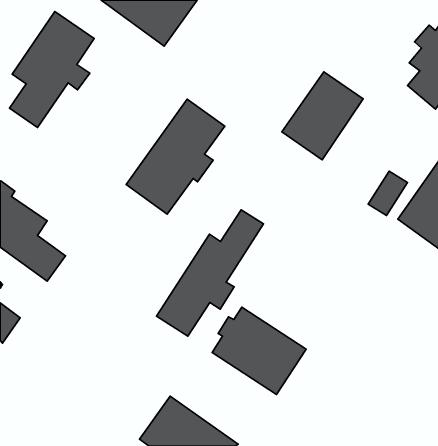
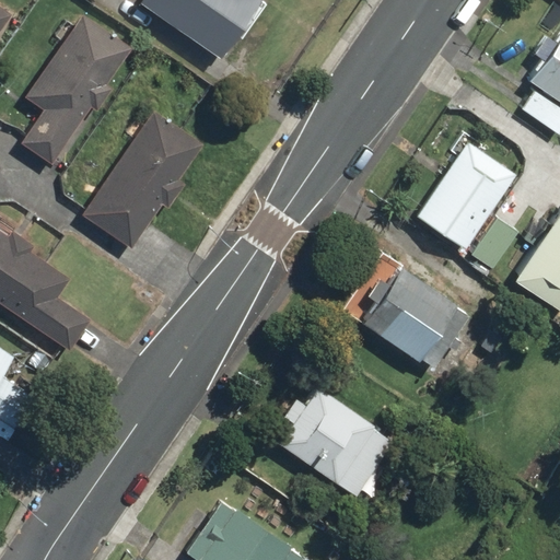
building: [282,72,363,160] -> [415,140,516,250]
building: [126,99,225,214] -> [80,108,203,253]
building: [156,210,264,336] -> none
building: none -> [359,264,472,369]

